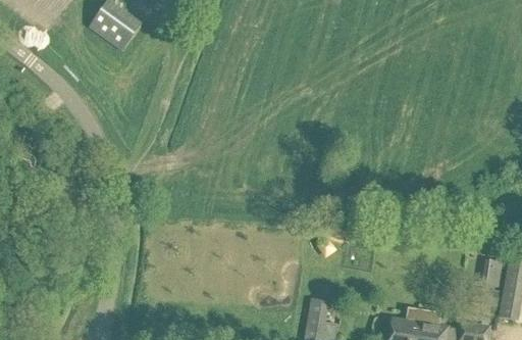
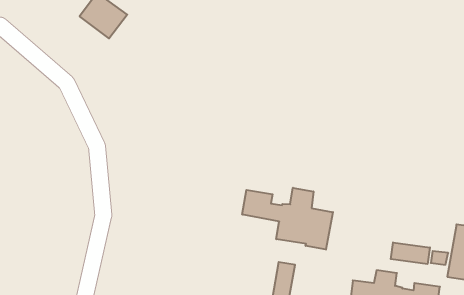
building: none -> [242,188,333,250]
building: none -> [391,242,430,264]

